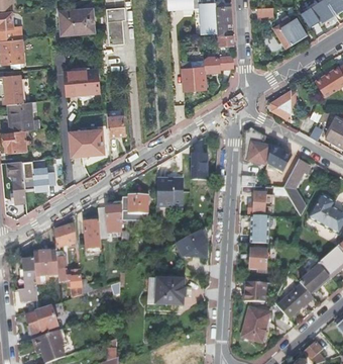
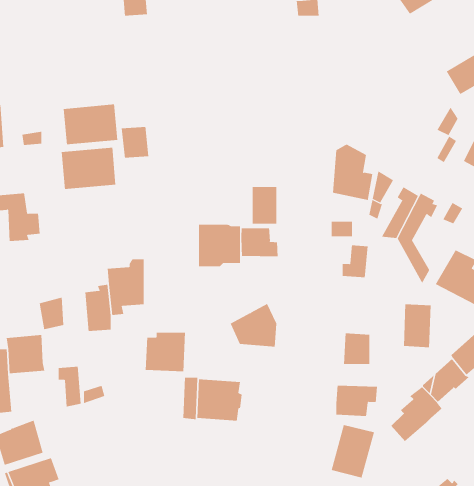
building: [182,56,234,89] -> none
building: [64,70,99,96] -> [63,104,118,145]
building: [271,91,295,120] -> none
building: none -> [241,227,278,257]
building: [122,194,148,219] -> [145,332,186,372]
building: [250,215,268,244] -> [403,304,431,348]

